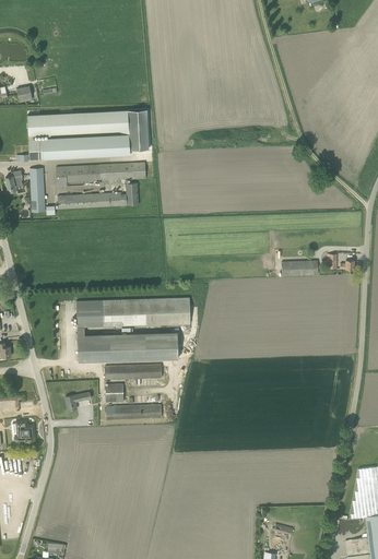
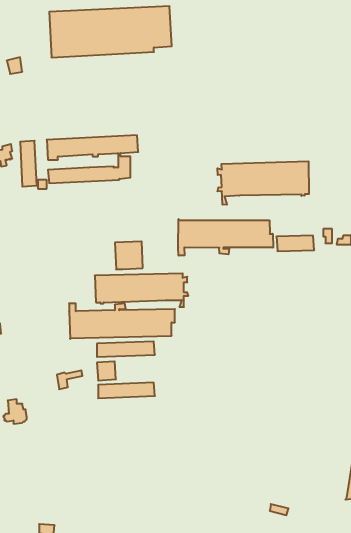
building: [27,110,147,160] -> [49,6,172,57]
building: none -> [217,161,309,205]
building: none -> [178,219,273,256]
building: [76,300,104,328] -> [115,241,143,269]

